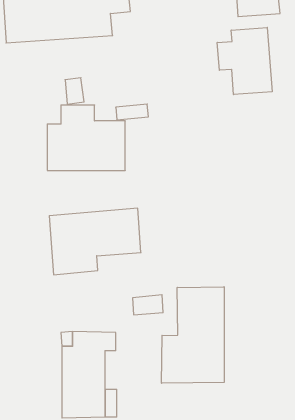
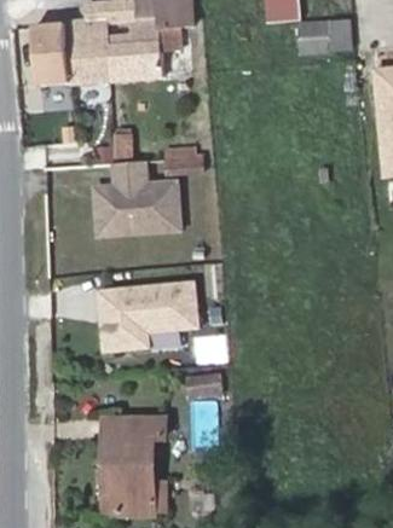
building: [217,27,272,95] -> none
building: [162,287,224,383] -> none

